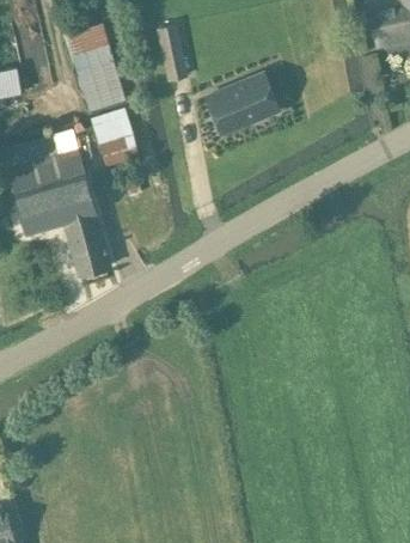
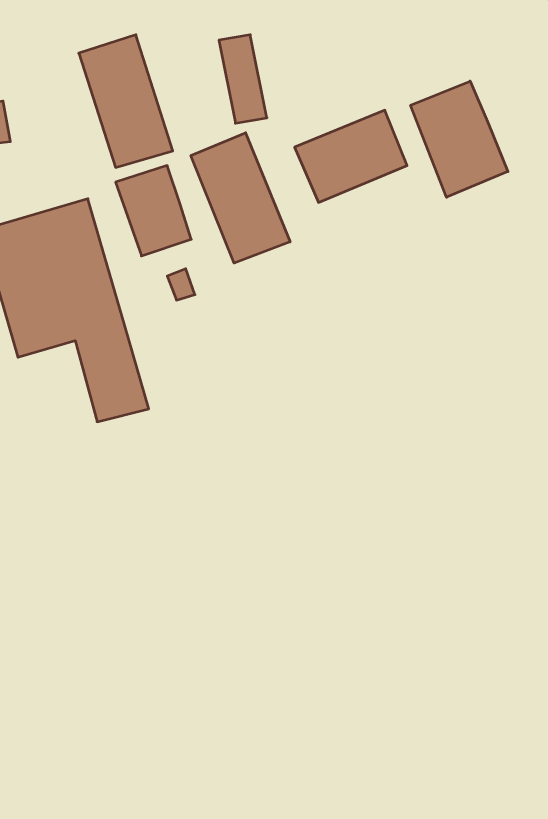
building: none -> [411,81,508,197]
building: none -> [191,133,290,263]

